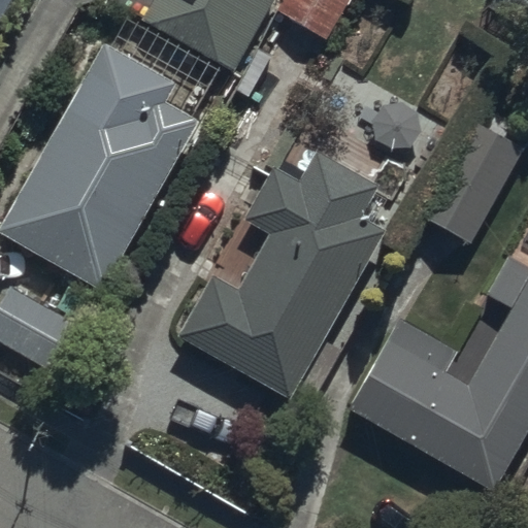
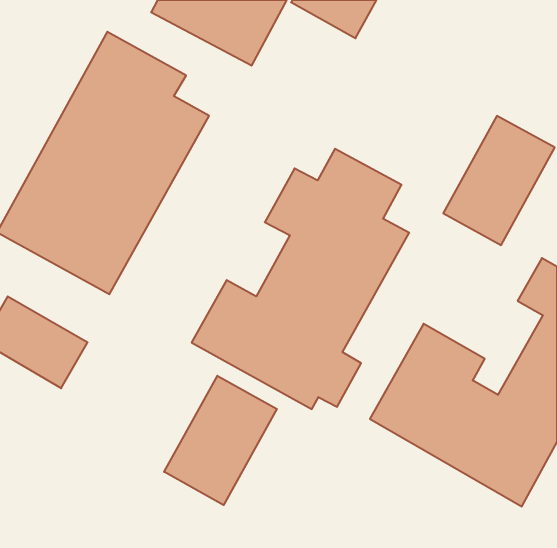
building: none -> [164,376,277,505]

